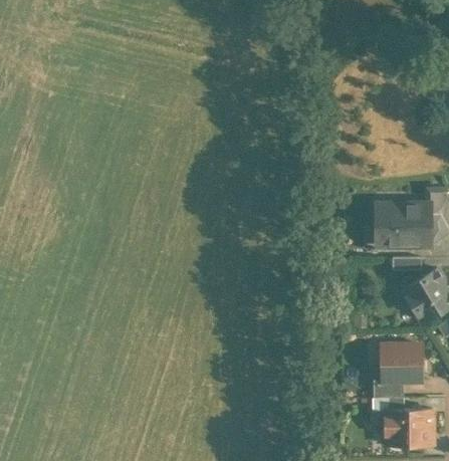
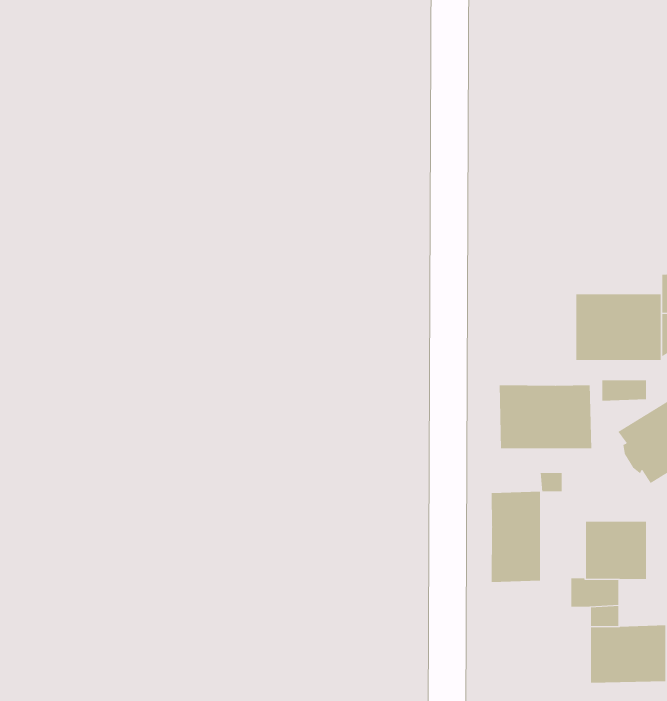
building: none -> [499,384,592,449]
building: none -> [491,491,541,583]

